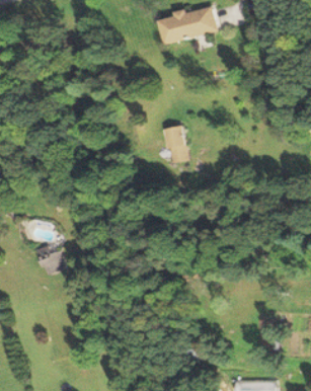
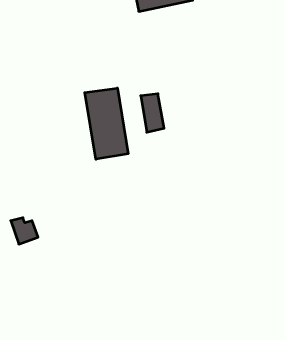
building: none -> [85,88,128,159]

